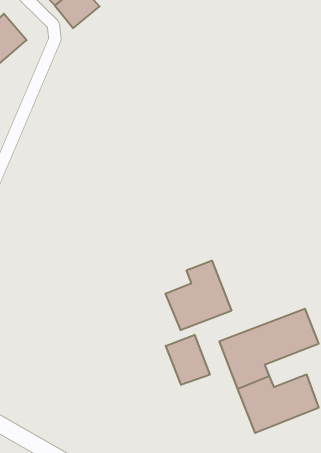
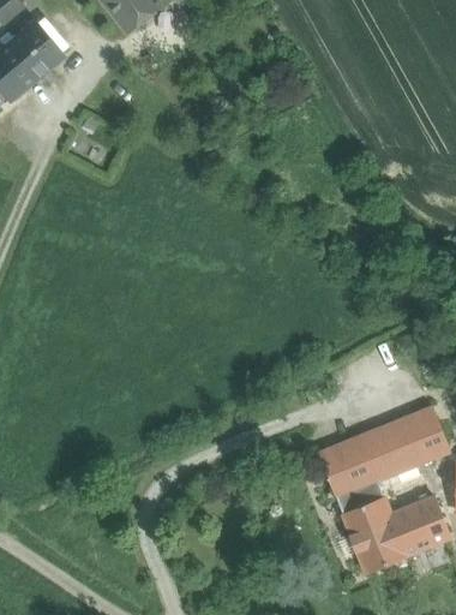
building: [166,261,231,330] -> none
building: [166,335,210,385] -> none

